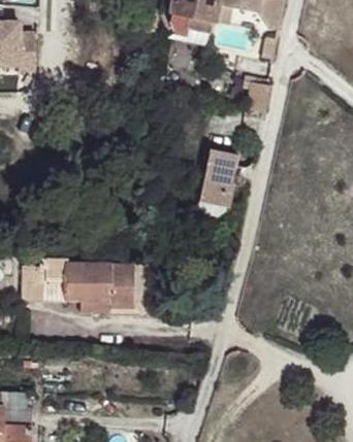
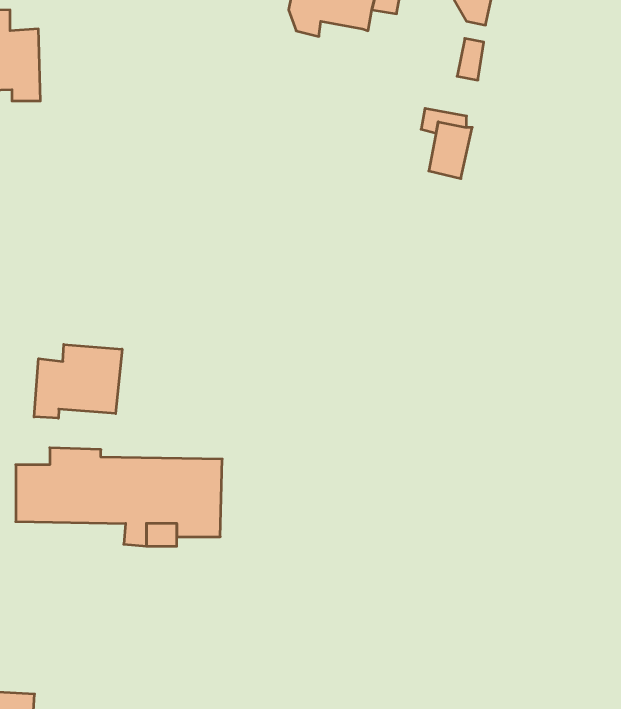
building: [195,147,244,217] -> none
building: none -> [34,344,122,418]

